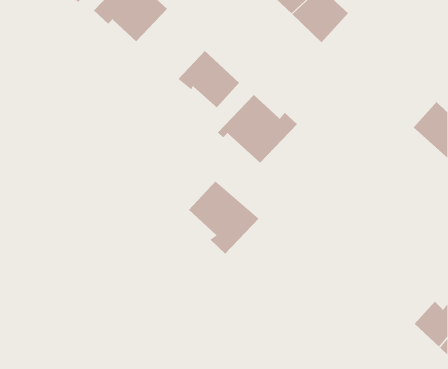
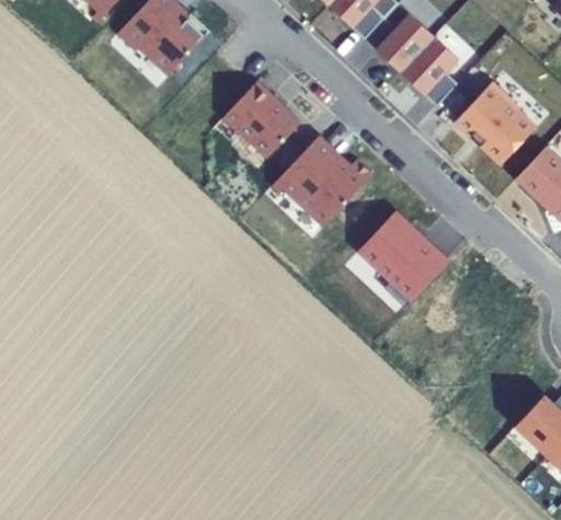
building: none -> [401,36,458,105]
building: none -> [456,83,537,163]
building: [188,181,259,255] -> [359,215,448,307]

